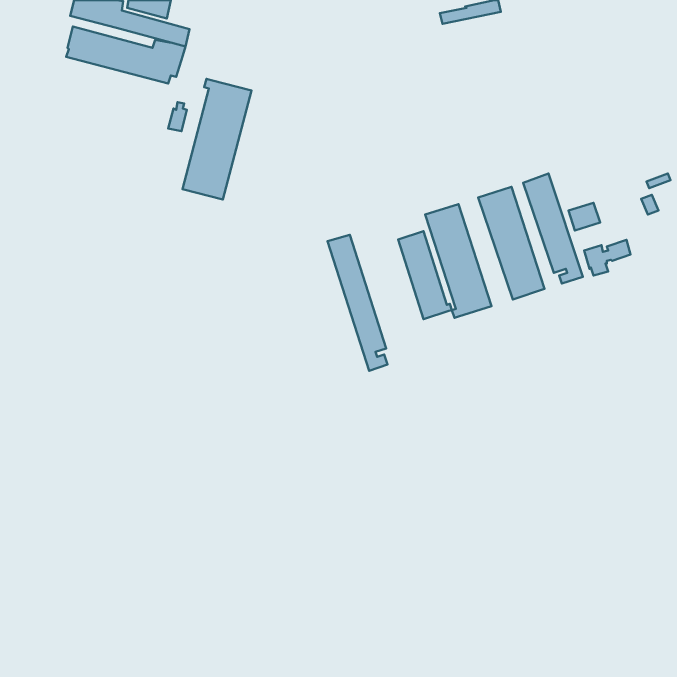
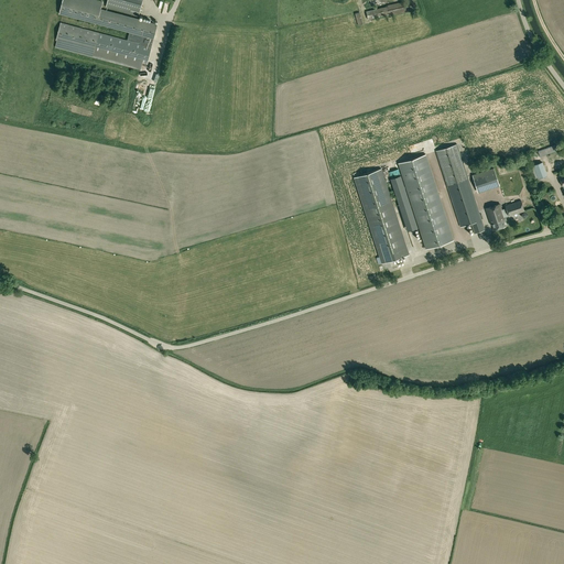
building: [183,79,252,200] -> none
building: [398,231,452,319] -> none
building: [327,235,387,371] -> none

